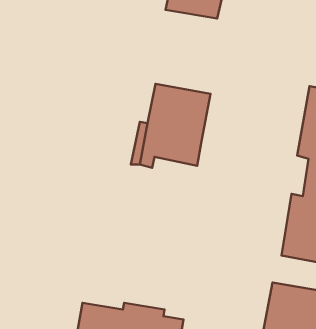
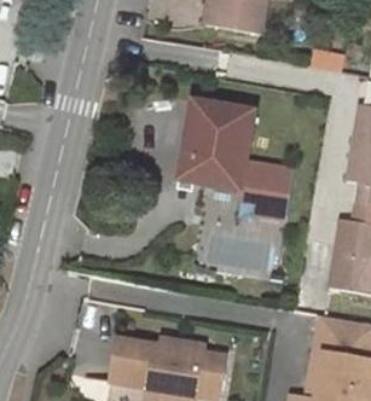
building: none -> [238,163,291,217]

